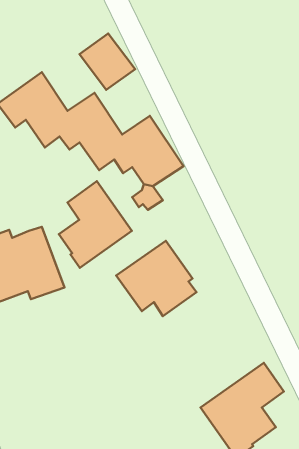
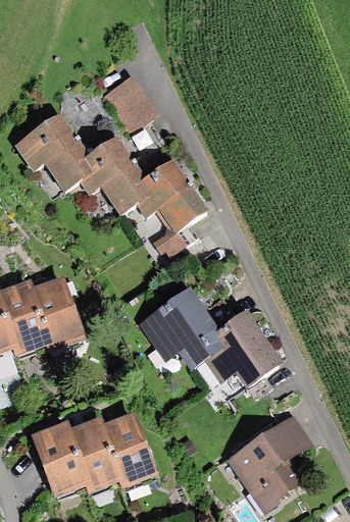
building: [59,181,132,268] -> none
building: none -> [200,309,281,387]
building: none -> [31,412,156,495]

